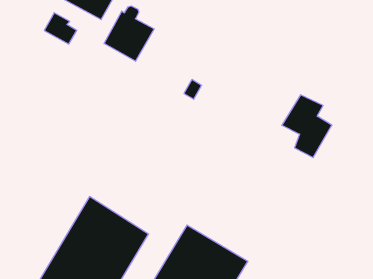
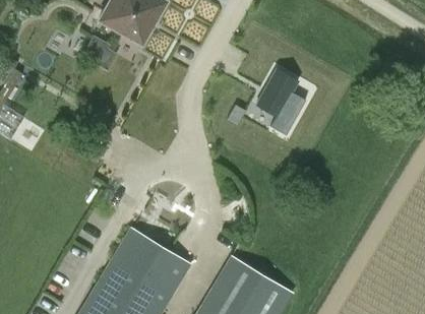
building: [104,6,154,61] -> none
building: [282,95,332,158] -> [257,69,309,134]

